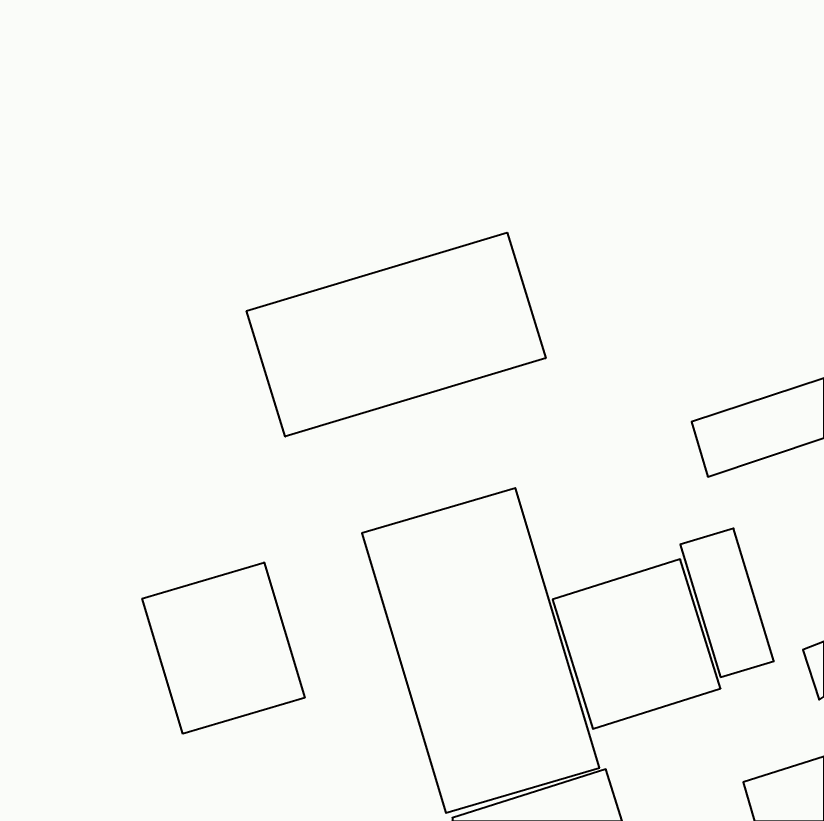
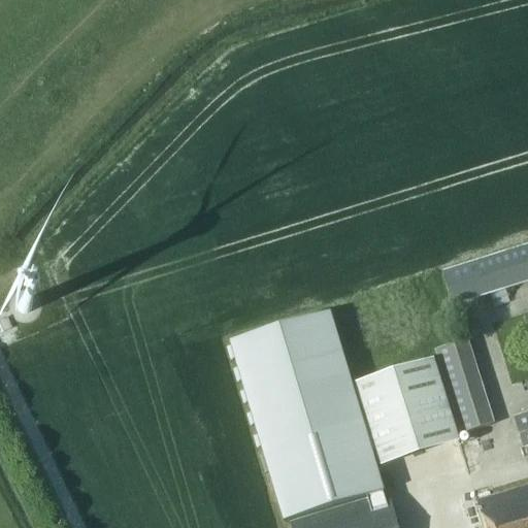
building: [247,233,546,437] -> none
building: [142,562,305,734] -> none

